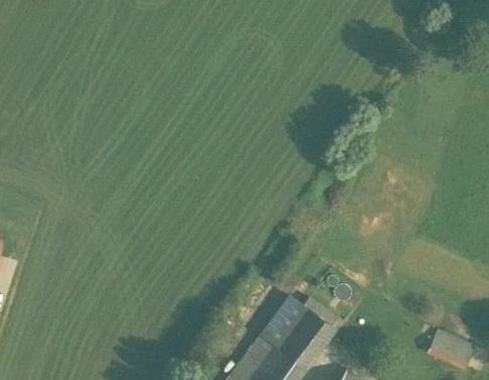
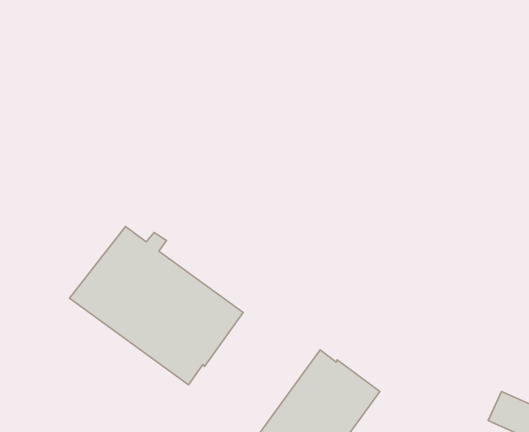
building: none -> [70,227,243,385]

